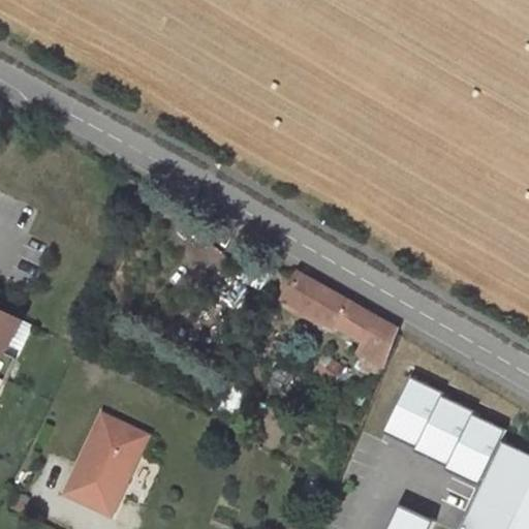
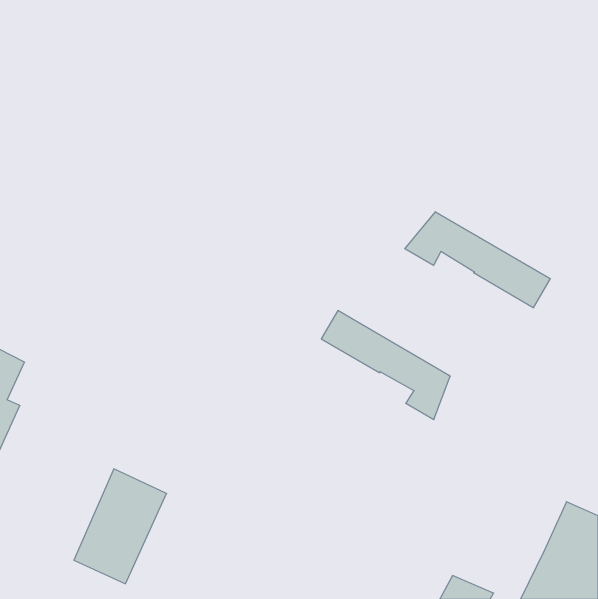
building: none -> [405,212,550,308]
building: [384,377,505,486] -> none

